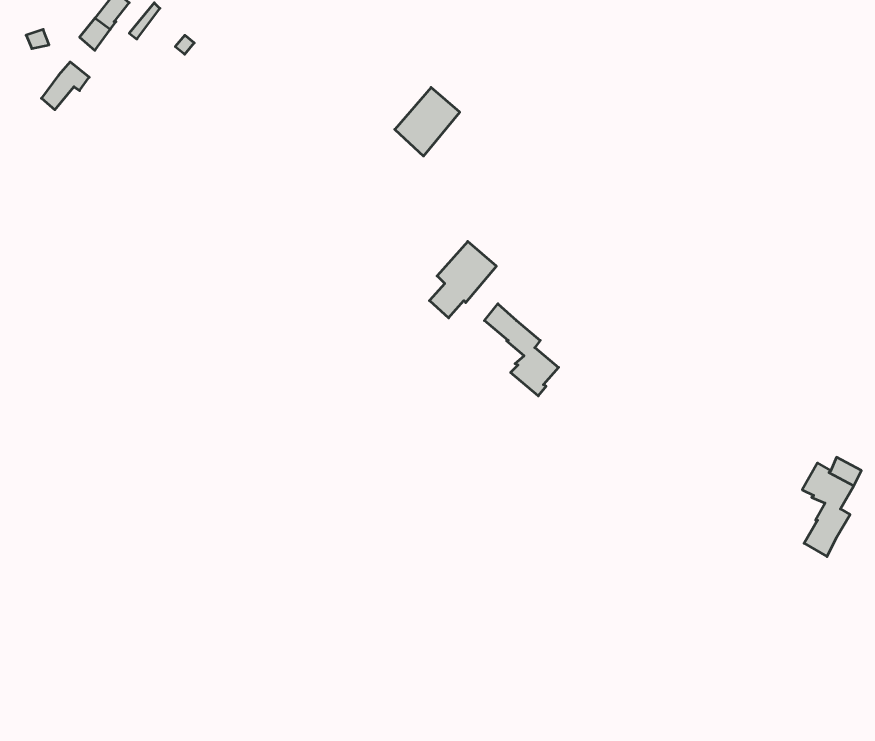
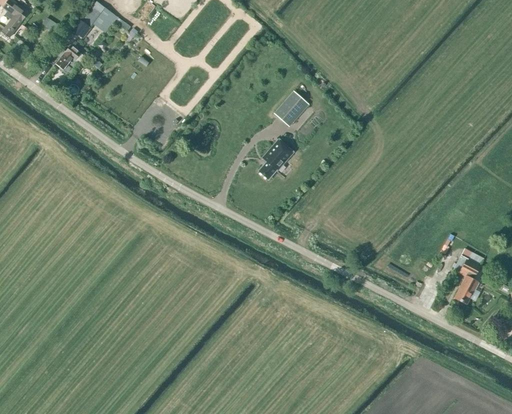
building: [395,87,460,156] -> [274,91,308,127]
building: [484,304,559,396] -> none

